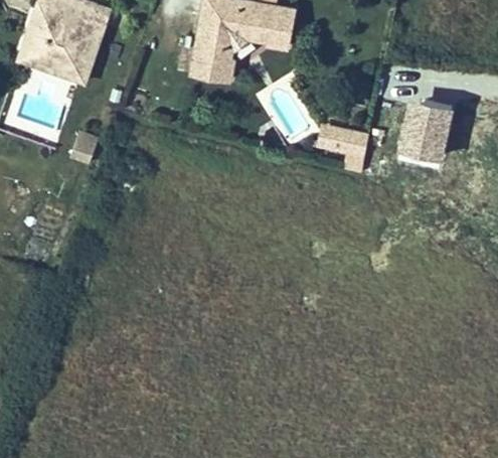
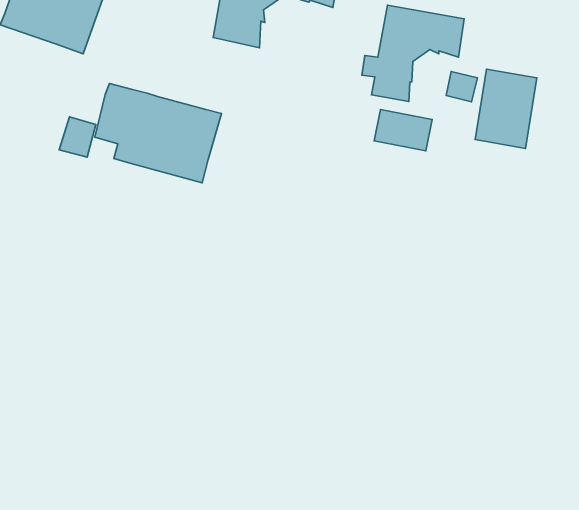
building: none -> [362,5,464,102]
building: none -> [95,83,222,183]

